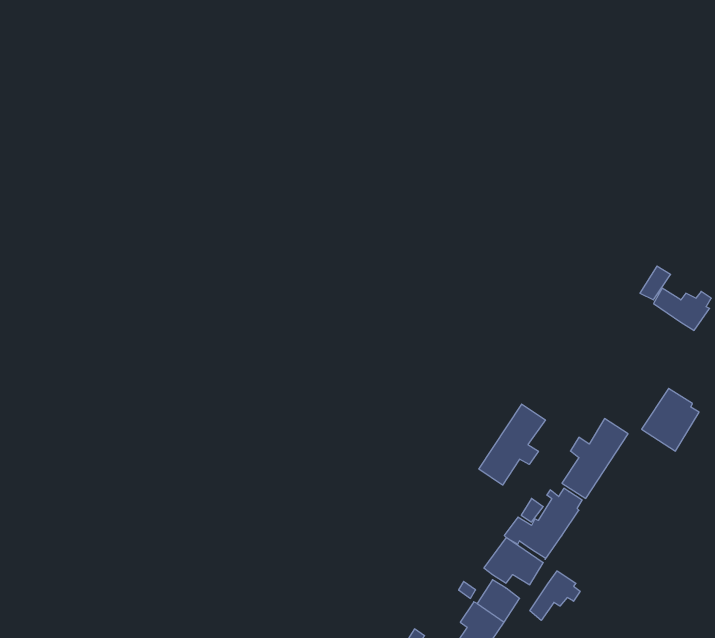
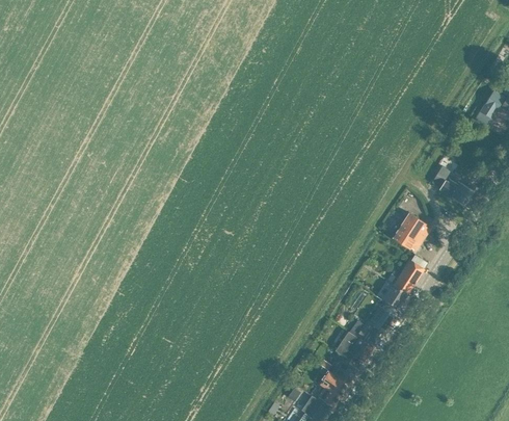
building: [642,388,699,451] -> [393,214,428,253]
building: [479,404,545,485] -> none
building: [530,571,580,620] -> none

